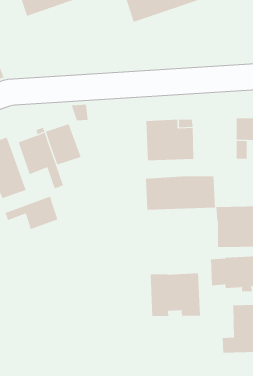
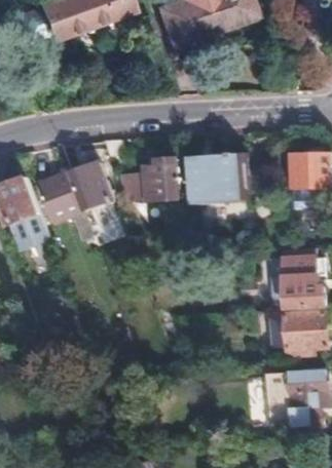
building: none -> [145,157,178,198]
building: [145,175,215,210] -> none
building: [5,196,58,230] -> none
building: [150,272,200,317] -> none

